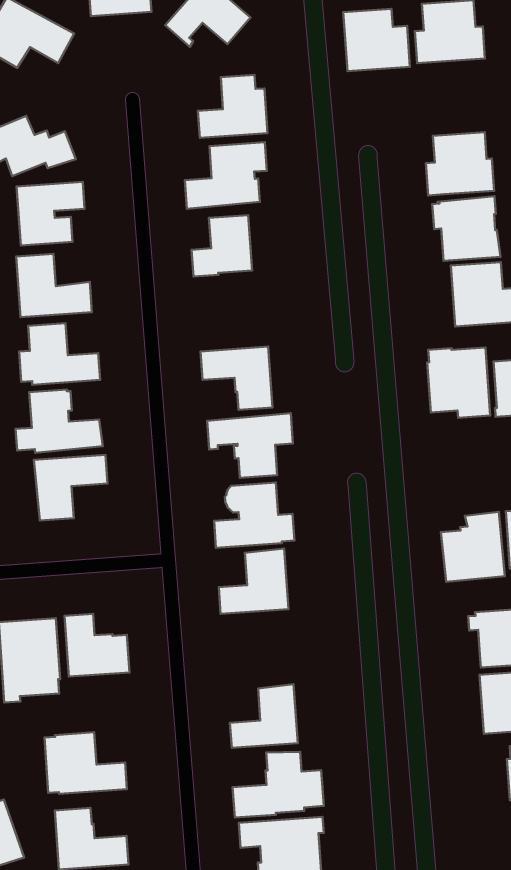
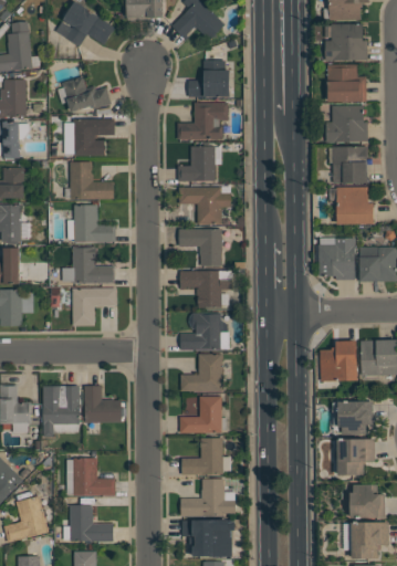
building: [343,9,410,71] -> [327,65,366,102]
building: none -> [179,187,231,224]
building: none -> [180,397,221,433]

